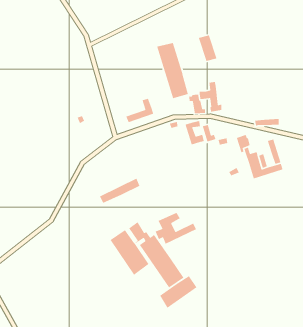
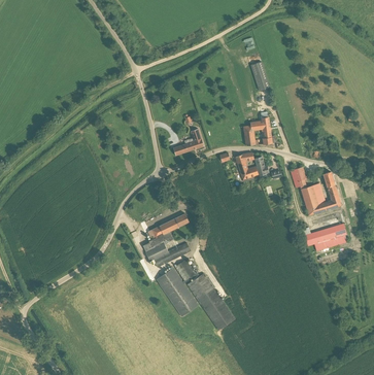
building: [156,42,189,99] -> none
building: none -> [300,223,345,250]
building: [155,212,197,245] -> [145,231,191,266]
building: [159,275,198,309] -> none

